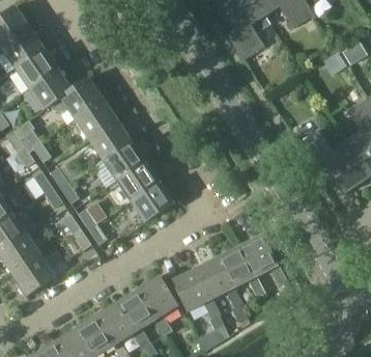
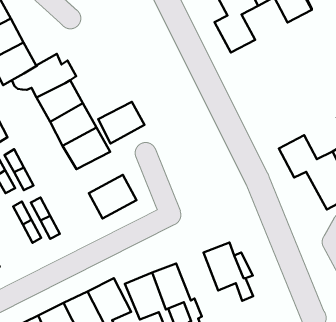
building: [116,161,159,200] -> [98,102,144,143]
building: [215,244,264,296] -> none

